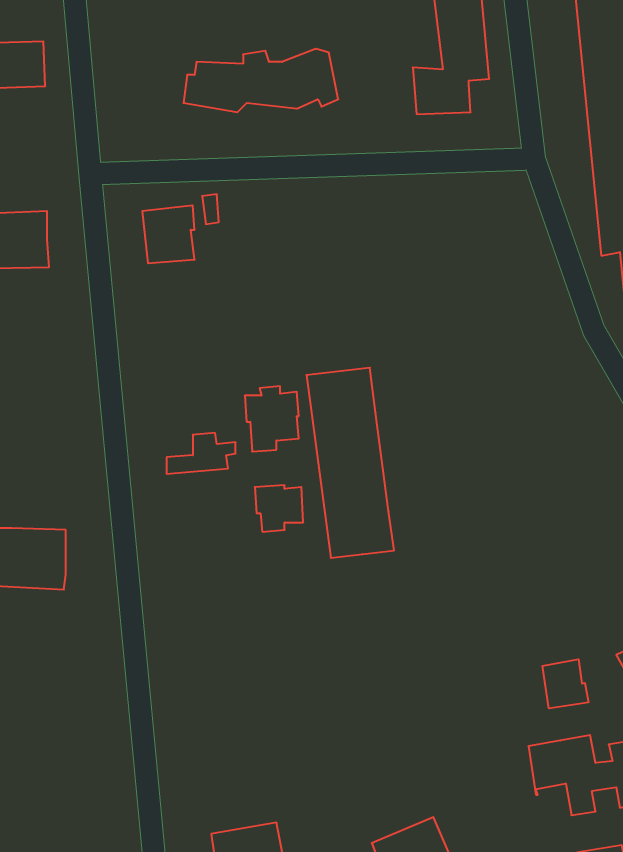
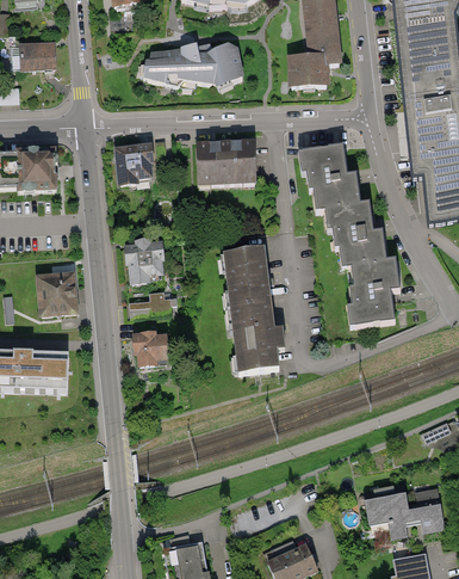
building: none -> [196,140,256,186]
building: none -> [298,146,397,327]
building: [245,386,299,452] -> [126,240,161,282]
building: none -> [38,271,75,313]
building: [255,485,303,532] -> [135,333,166,363]
building: [542,659,588,708] -> none

